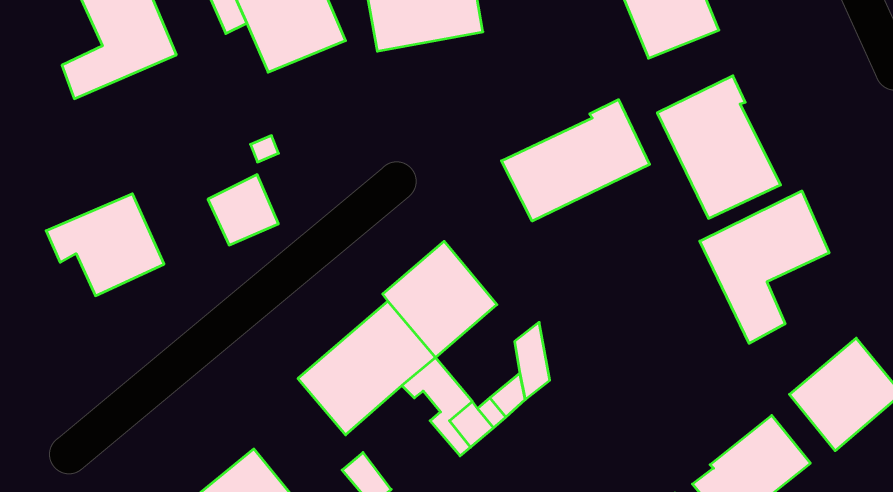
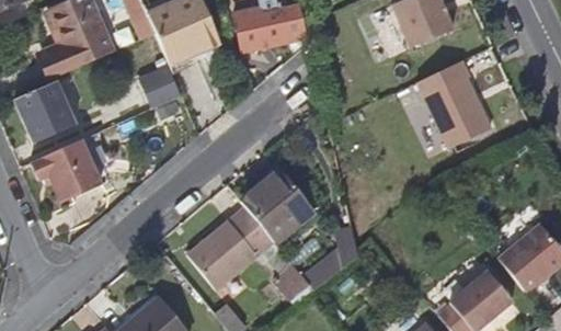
building: [501,100,650,221] -> none
building: none -> [15,84,68,142]
building: [208,175,278,245] -> [139,62,183,106]
building: [700,191,829,343] -> none

